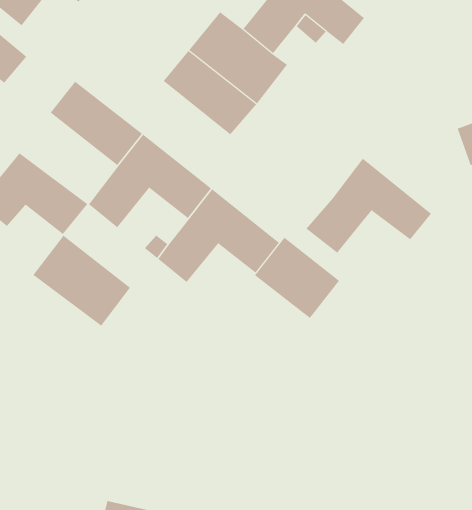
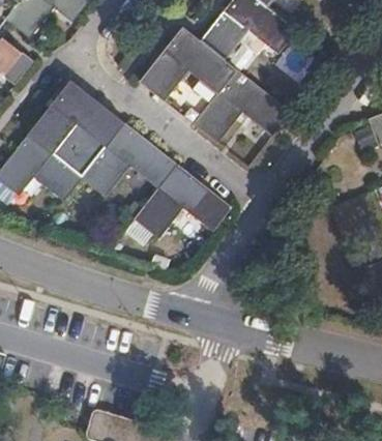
building: [305,158,432,254] -> [190,68,289,143]
building: [32,235,131,327] -> [26,106,102,177]
building: [254,237,340,319] -> none

